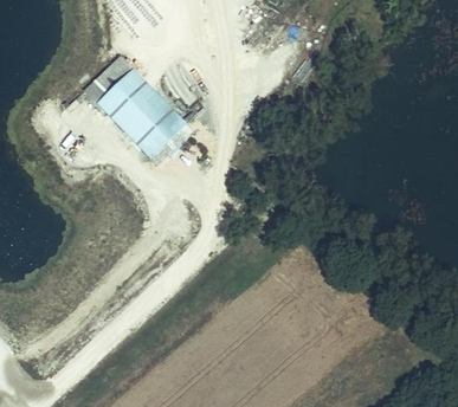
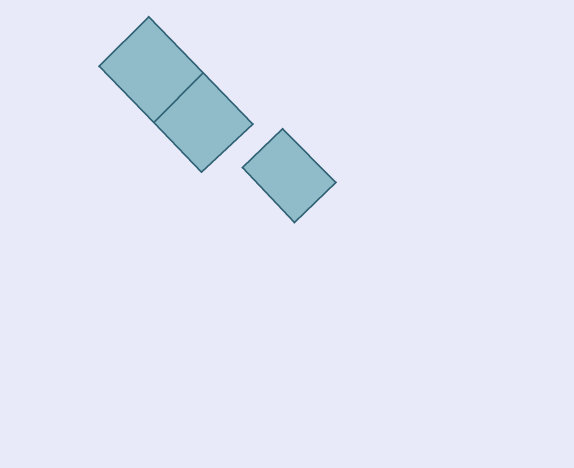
building: none -> [242,129,336,223]

